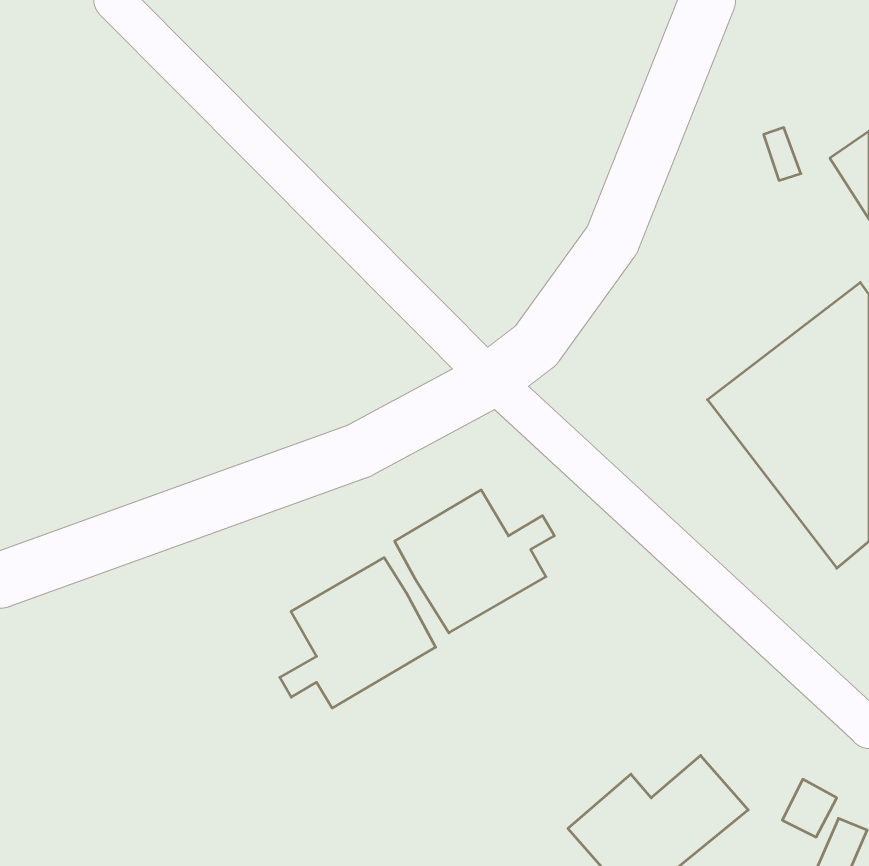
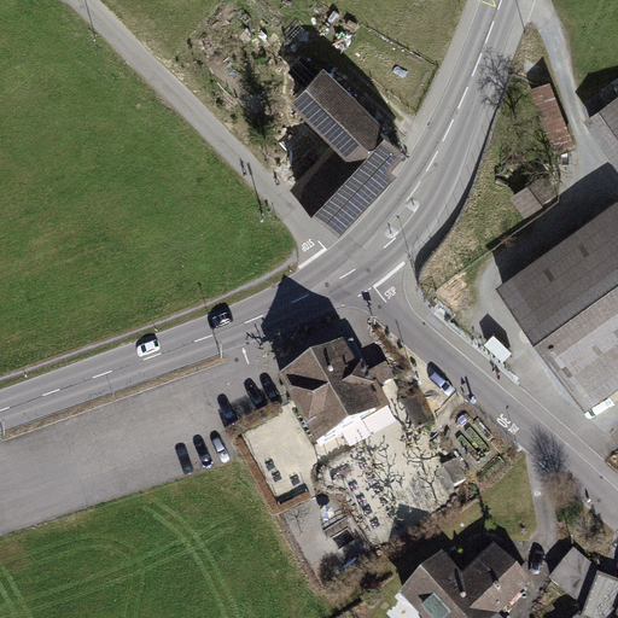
building: none -> [291,72,402,218]
building: [280,558,436,708] -> none

